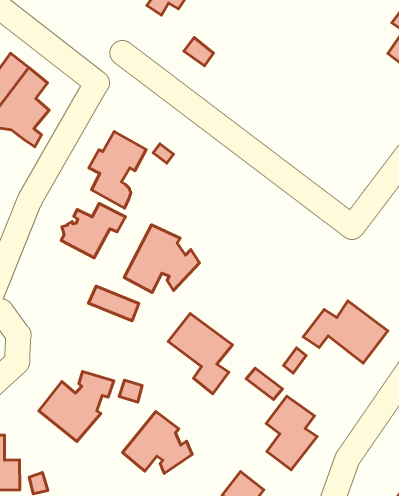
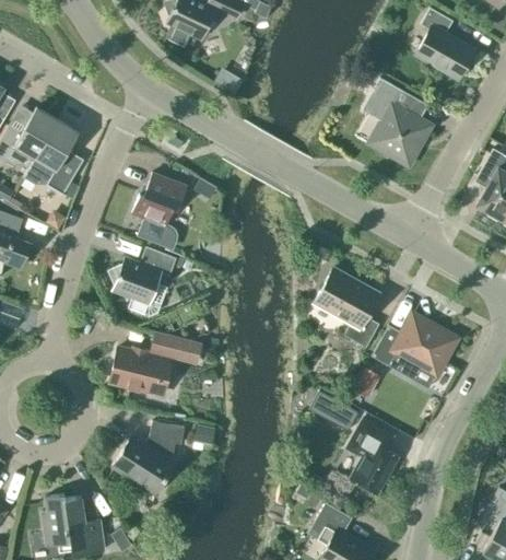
building: none -> [367,84,433,166]
building: [124,225,199,293] -> none
building: none -> [109,348,166,394]
building: [168,313,232,394] -> [314,269,379,348]
building: [122,411,192,474] -> none

